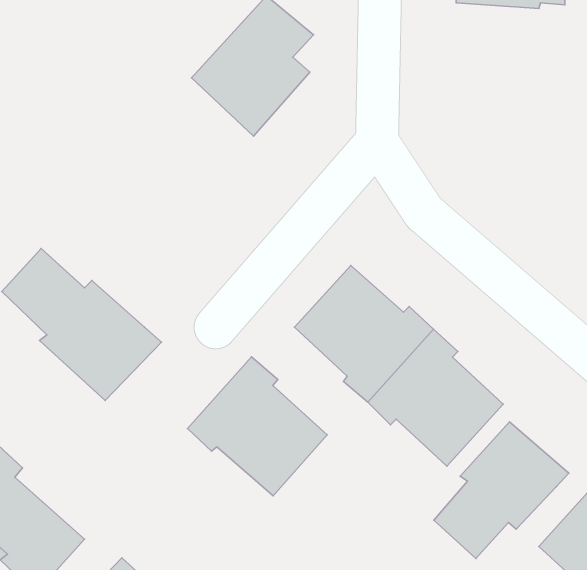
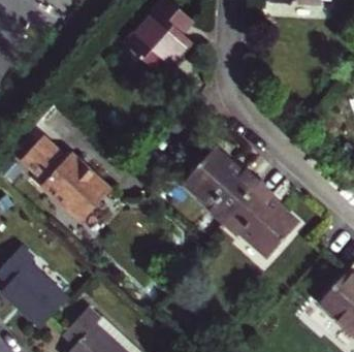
building: [187,357,327,496] -> none
building: [434,422,569,558] -> none

